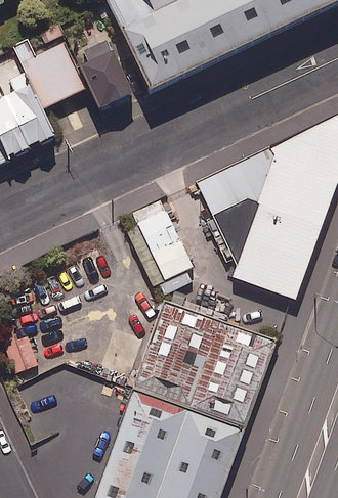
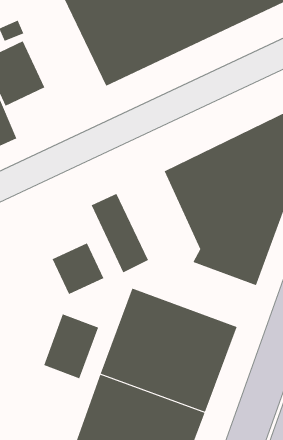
building: [71,26,131,115] -> none
building: none -> [52,242,104,295]
building: none -> [43,314,99,379]

